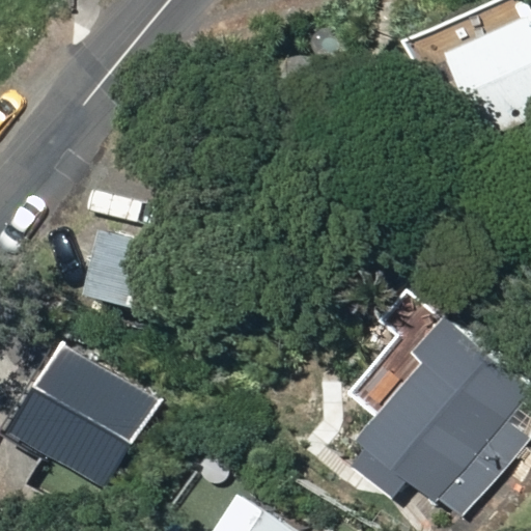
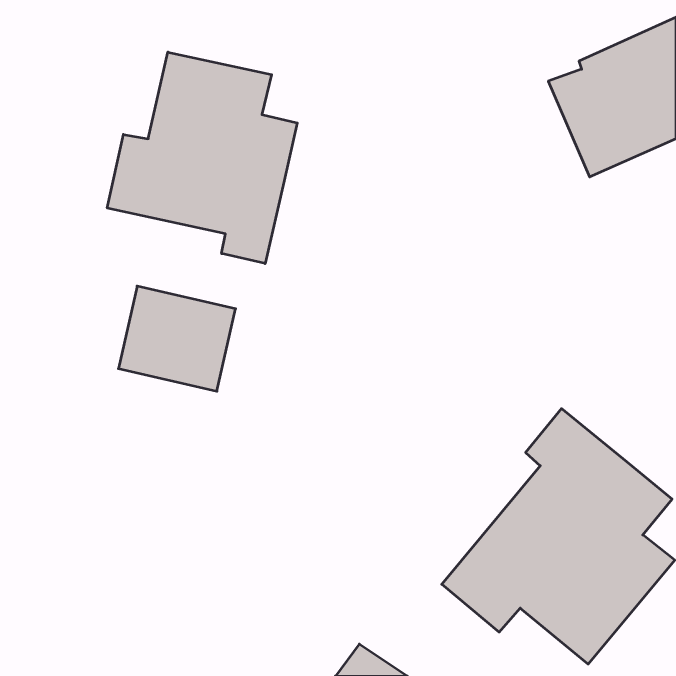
building: none -> [107,52,297,264]
building: [13,346,155,485] -> none

